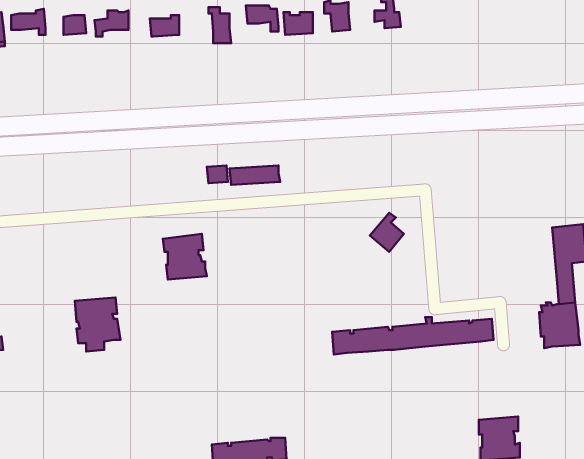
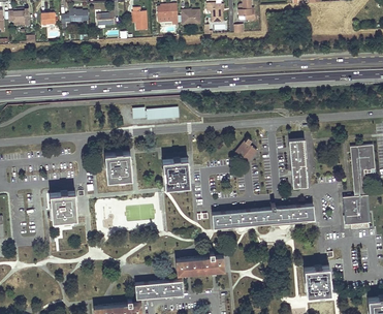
building: none -> [289,138,307,186]
building: none -> [162,158,190,187]
building: none -> [175,253,224,274]

